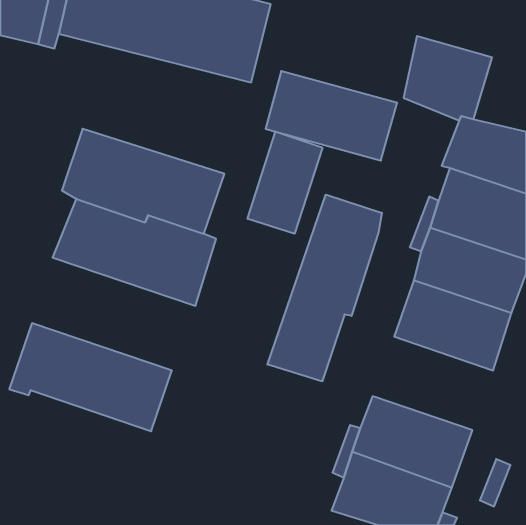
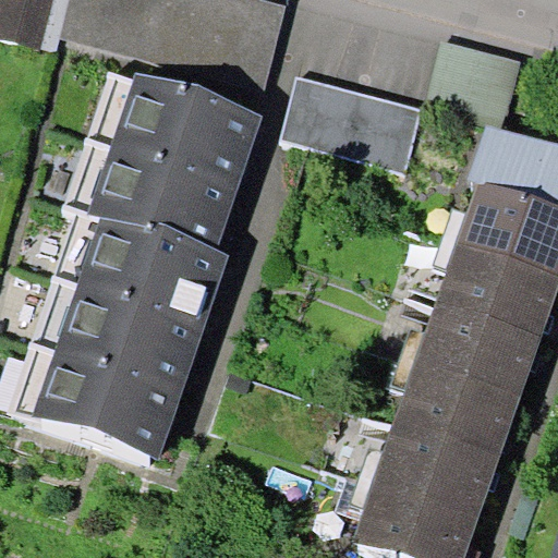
building: none -> [87,69,263,184]
building: [248,131,322,234] -> none
building: [267,195,382,381] -> none
building: none -> [34,272,207,392]
building: none -> [395,356,522,456]

